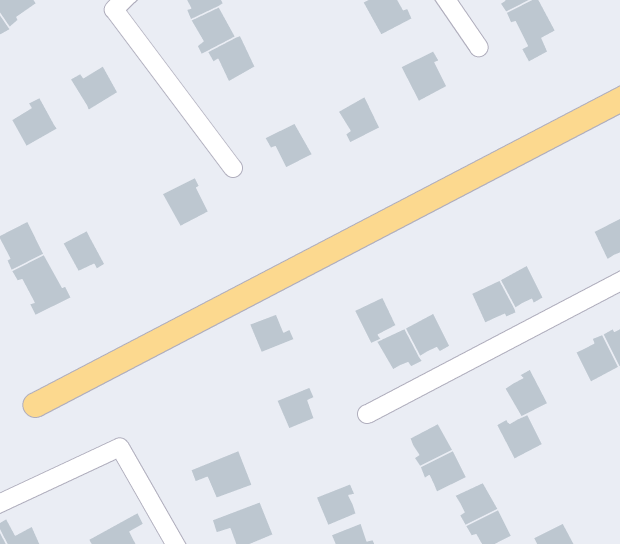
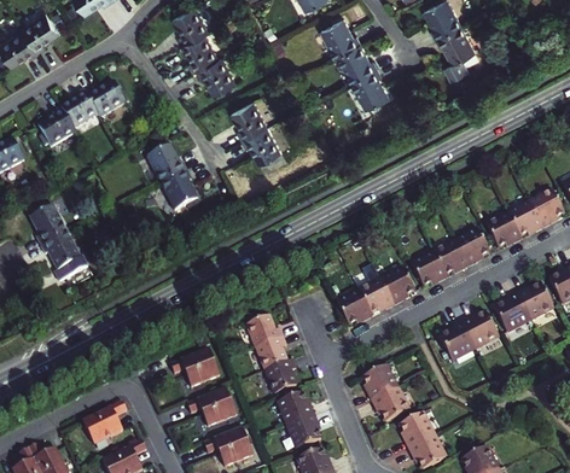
building: none -> [338,45,378,83]
building: none -> [63,89,100,129]
building: [338,96,380,143] -> [233,103,267,140]
building: none -> [147,146,187,185]
building: [62,230,105,272] -> none
building: none -> [483,215,519,249]
building: none -> [453,230,488,268]
building: [354,297,396,344] -> [378,269,412,306]
building: [249,314,294,353] -> [243,319,279,350]
building: none -> [167,350,216,389]
building: [496,414,543,459] -> [455,316,493,352]
building: none -> [262,362,292,397]
building: none -> [274,395,312,427]
building: none -> [81,399,127,444]

